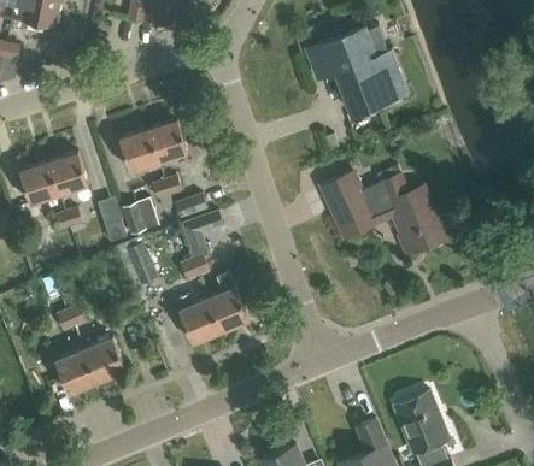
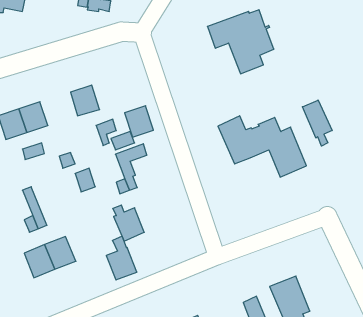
building: [148,118,188,161] -> [125,106,153,137]
building: none -> [302,100,332,146]
building: [121,197,159,235] -> none
building: [207,270,250,330] -> [106,236,137,280]

